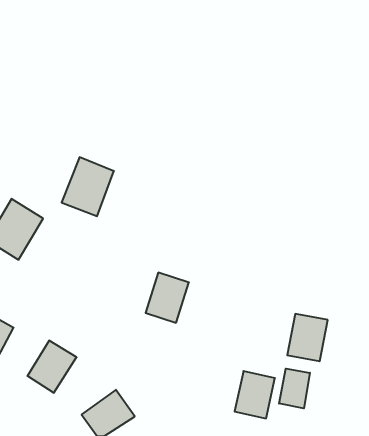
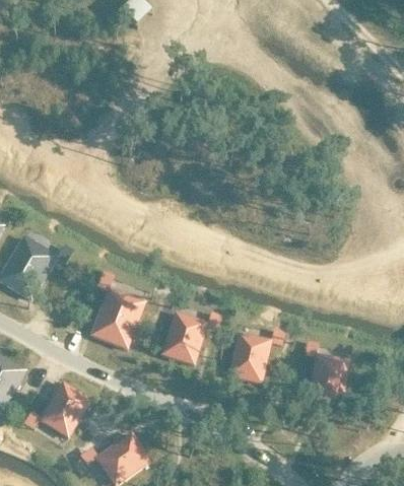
building: [62,157,114,216] -> [90,288,144,349]
building: [279,369,310,408] -> none
building: [235,371,275,418] -> [228,334,270,383]

